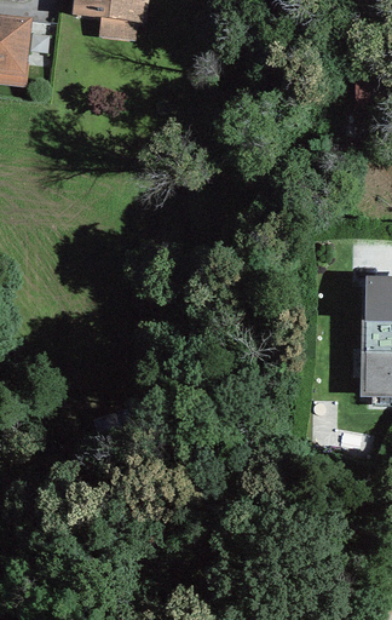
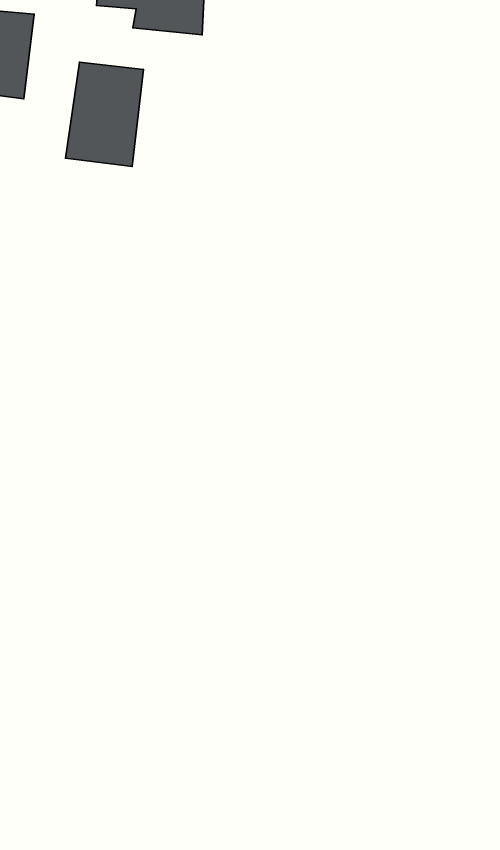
building: none -> [66,62,143,166]

